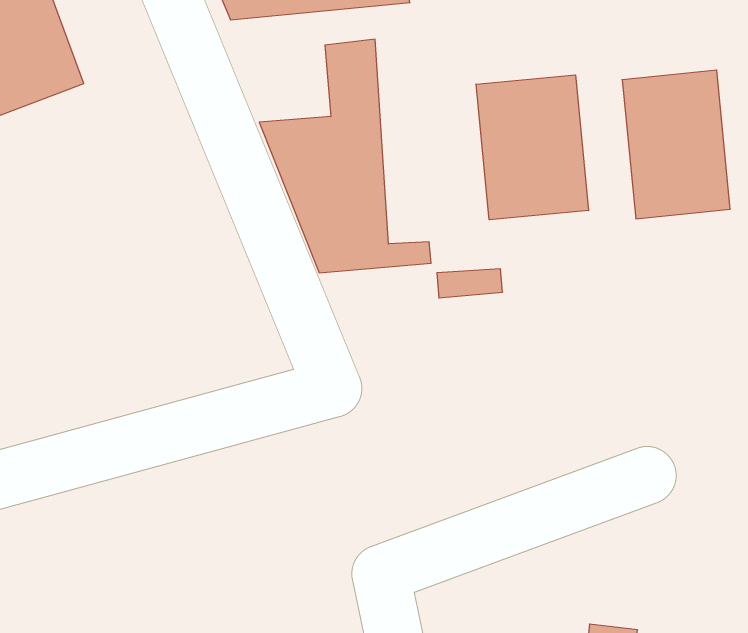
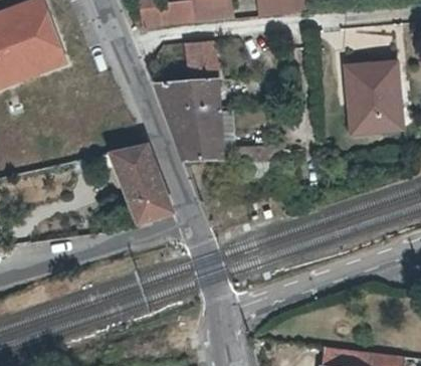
building: [476,75,589,220] -> none
building: none -> [108,142,170,219]

